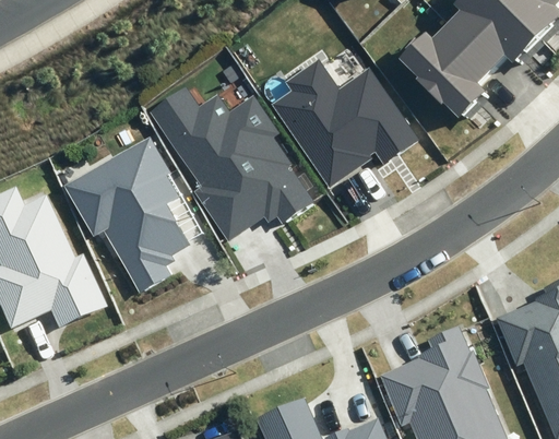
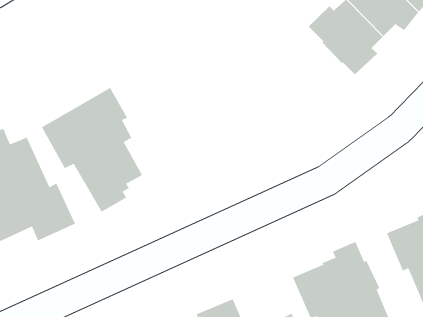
building: [273,60,418,188] -> none
building: [148,85,312,241] -> none

